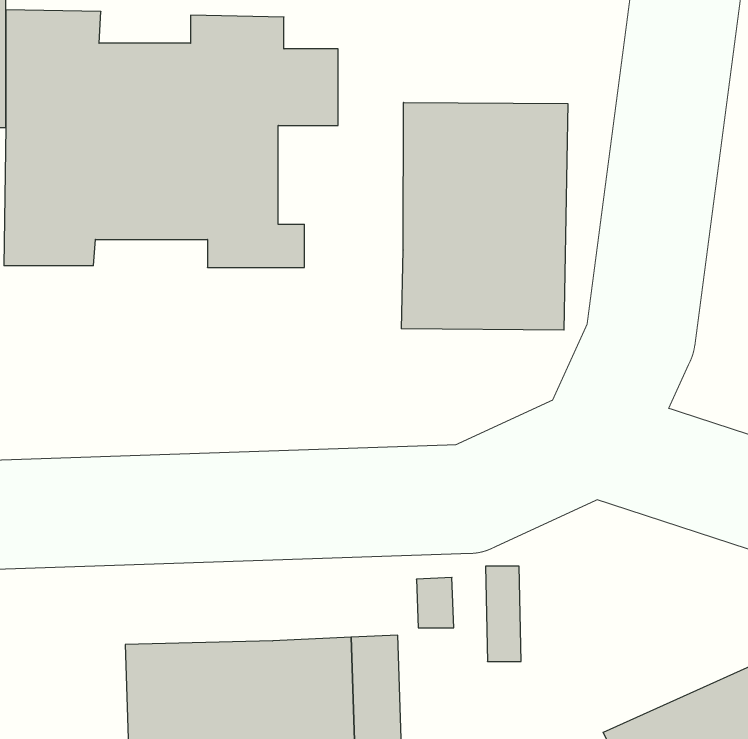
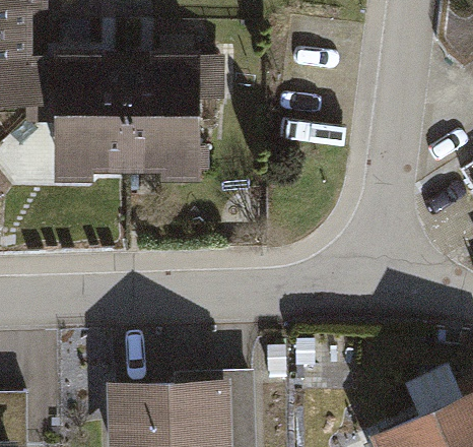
building: [401,102,568,330] -> none

